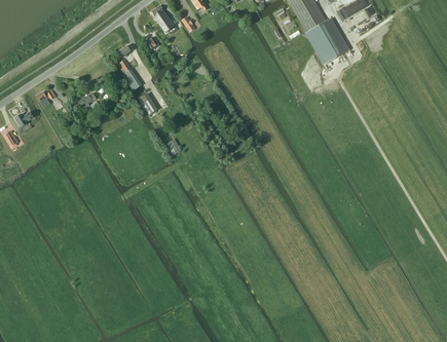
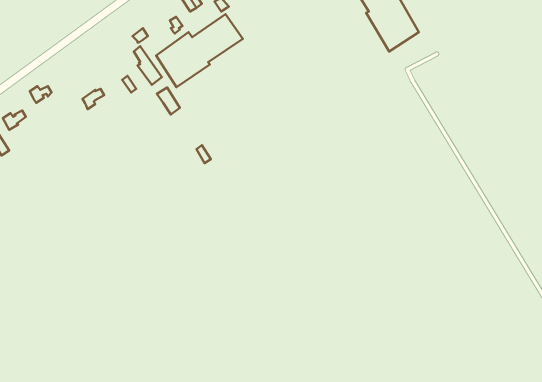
building: none -> [156,14,243,87]

